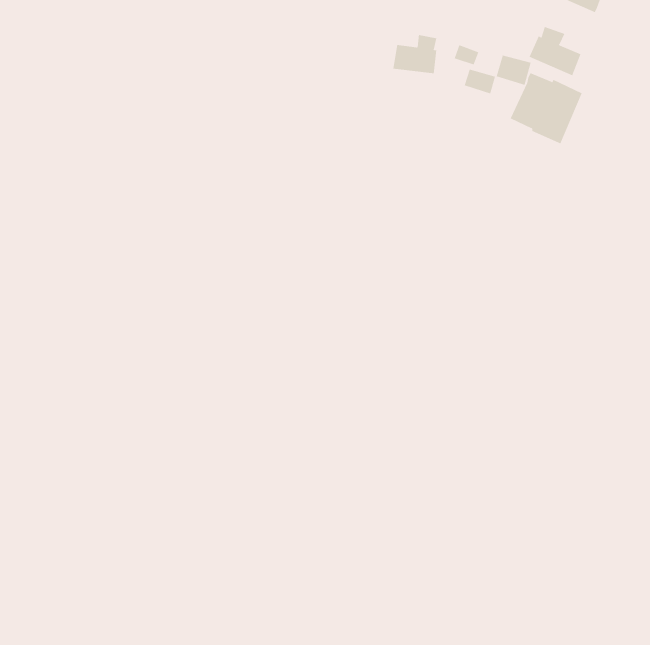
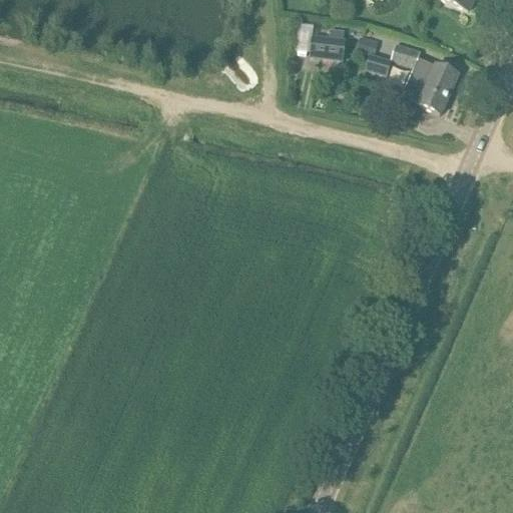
building: [529,26,581,76] -> none

